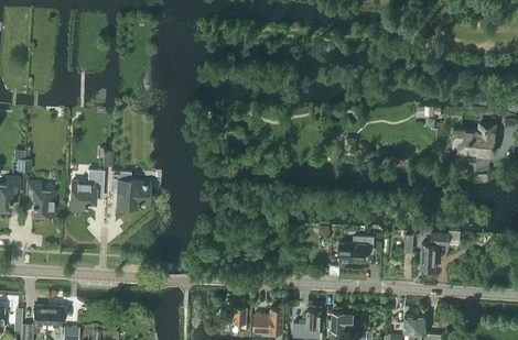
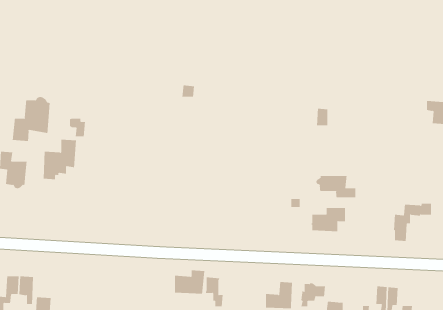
building: none -> [12,96,50,142]
building: [110,171,150,207] -> none
building: none -> [316,175,356,198]
building: [253,308,284,332] -> [174,270,205,294]

